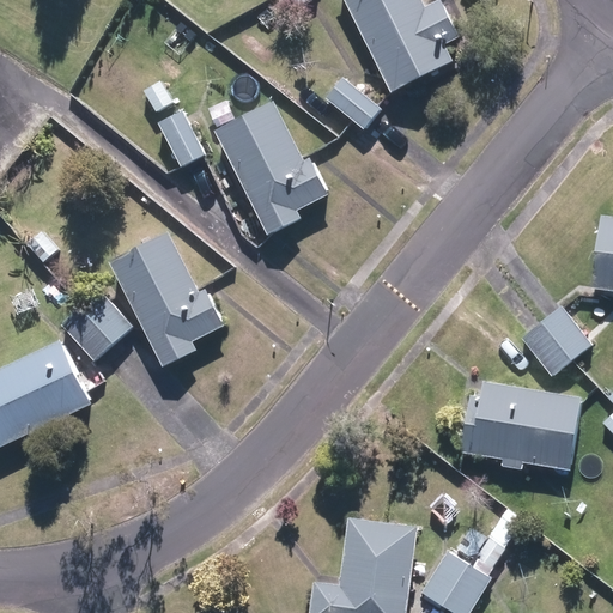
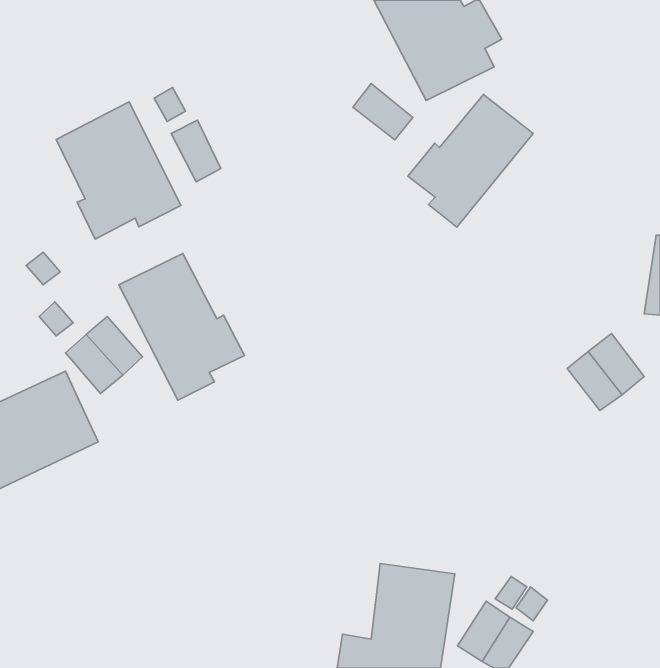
building: none -> [408,94,533,227]
building: none -> [56,102,181,239]
building: [214,102,327,235] -> none
building: [460,381,581,471] -> none

